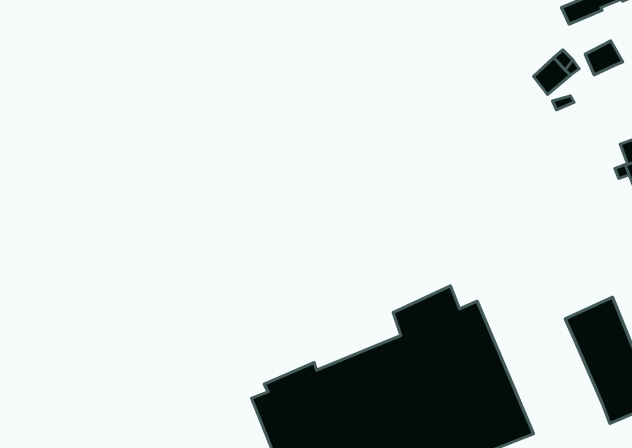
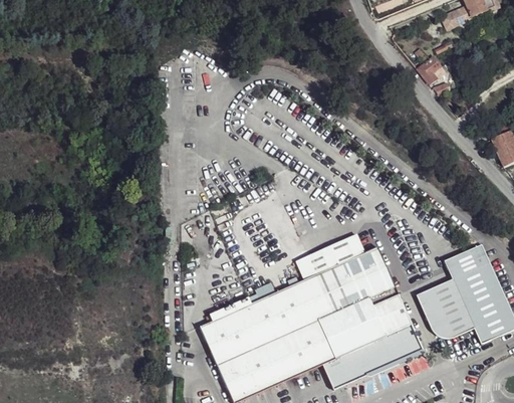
building: [585,41,623,75] -> none
building: none -> [417,279,475,338]

